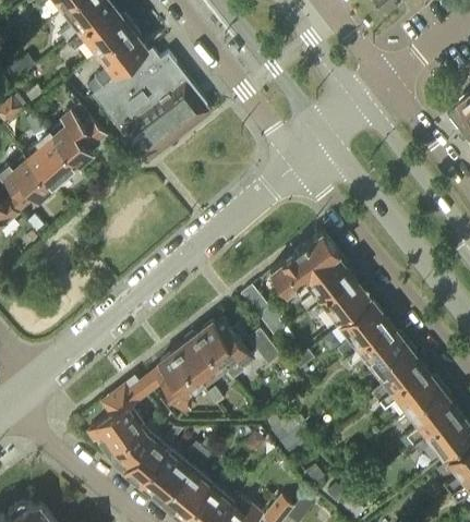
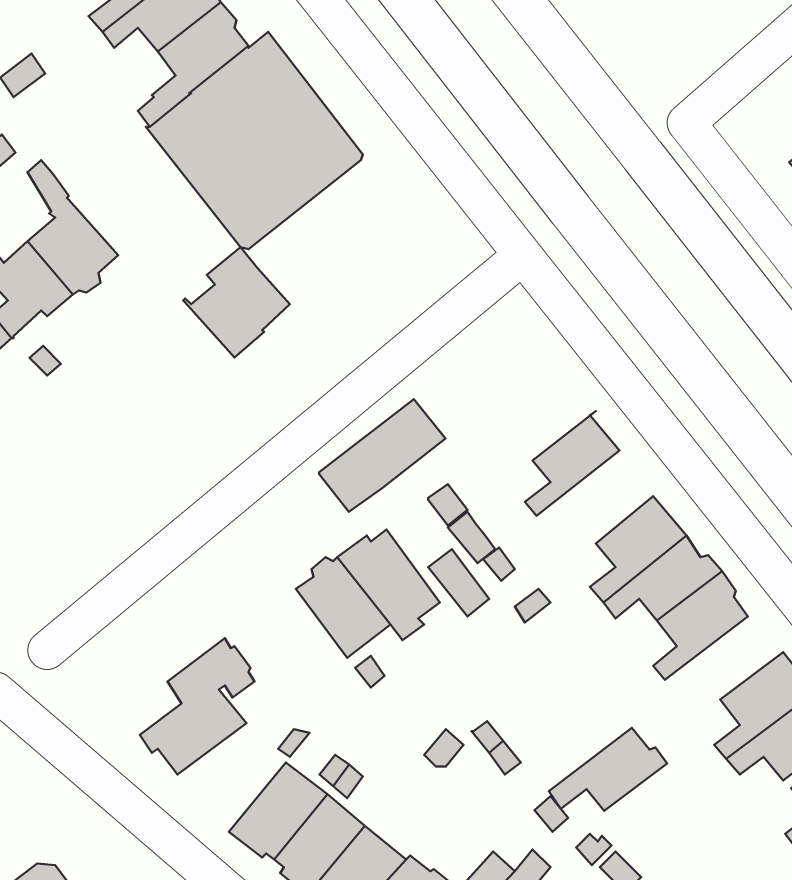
building: [47,106,106,167] -> [183,247,290,358]
building: [269,231,339,293] -> [319,399,445,512]
building: [306,275,369,321] -> none
building: [140,351,202,412] -> none
building: [377,366,443,412] -> [549,728,667,811]
building: [108,425,168,485] -> none

